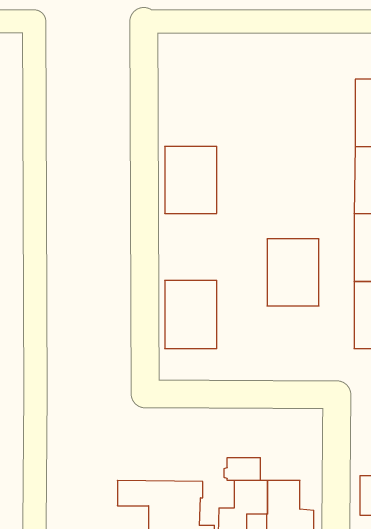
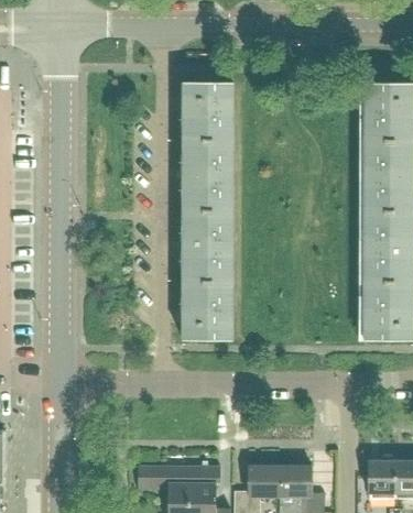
building: none -> [182,83,231,148]
building: [267,239,319,306] -> [182,211,231,275]
building: [224,458,260,480] -> none

